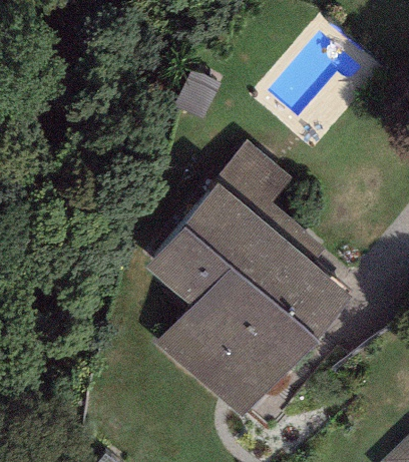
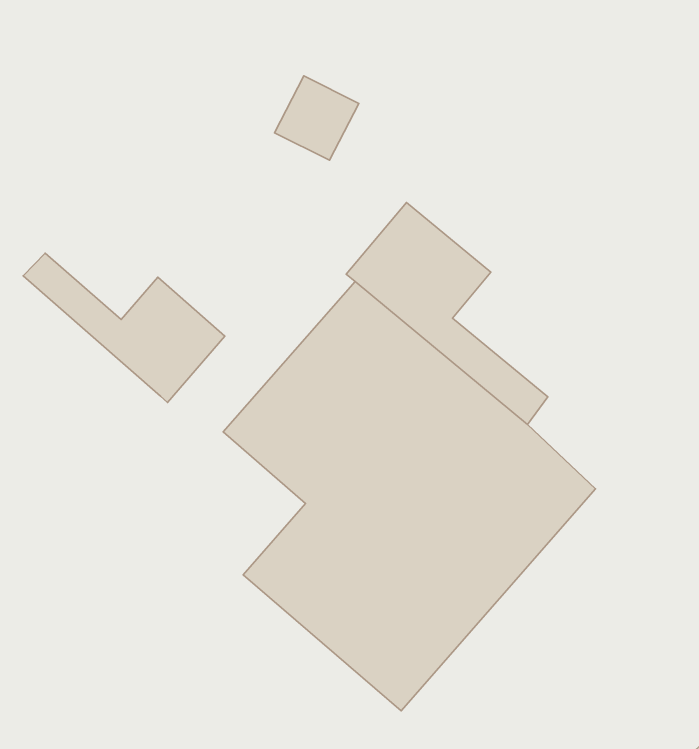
building: none -> [23,253,225,403]

